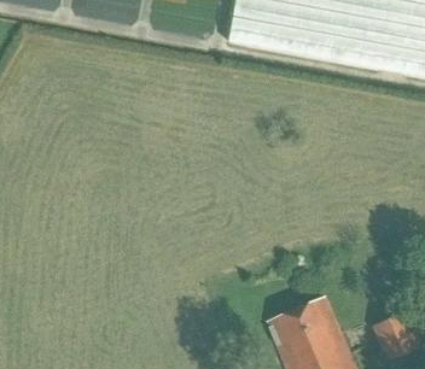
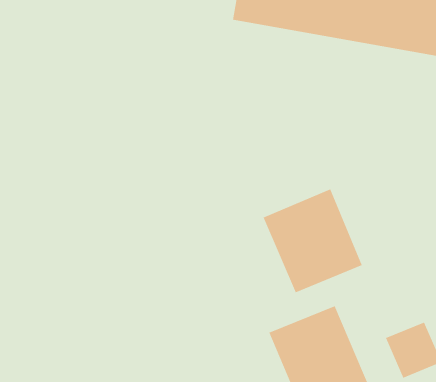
building: none -> [263,189,362,293]

